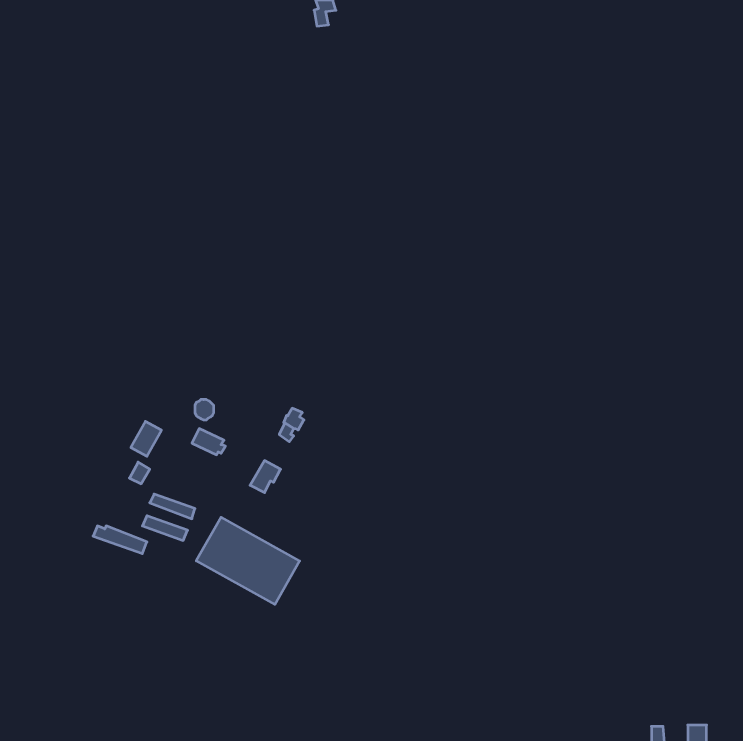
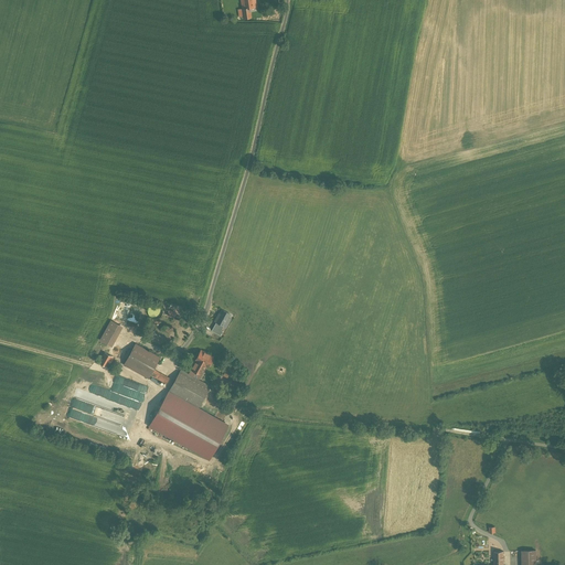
building: none -> [124,344,169,384]
building: none -> [168,371,210,409]

